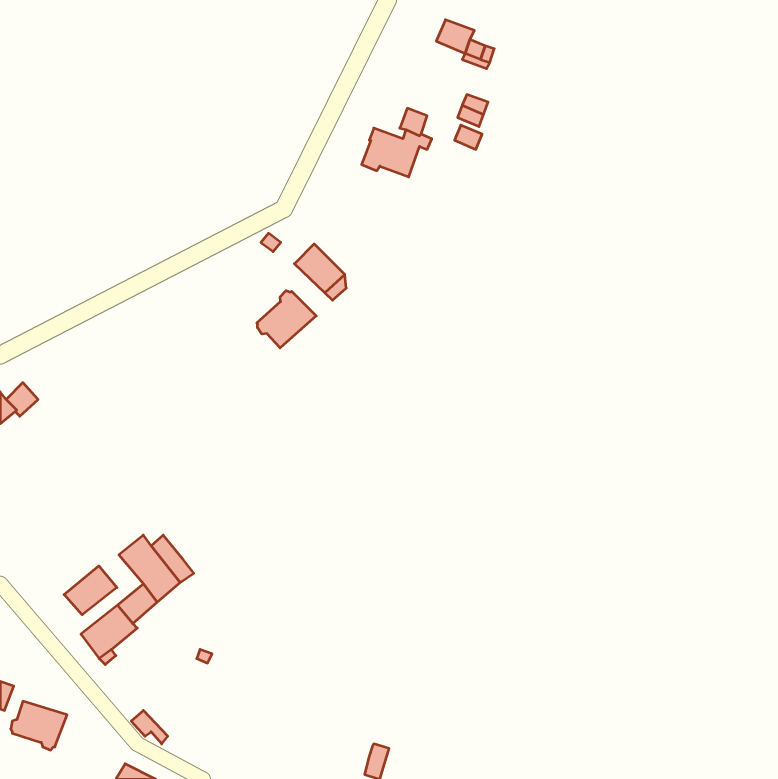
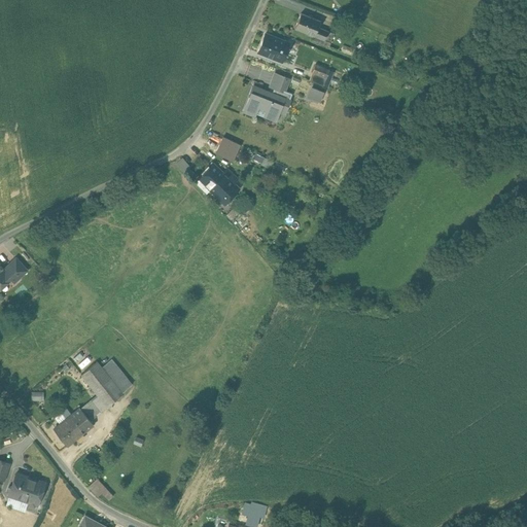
building: none -> [259,34,289,61]
building: none -> [217,135,243,161]
building: [257,291,316,348] -> none
building: [64,566,117,615] -> none

